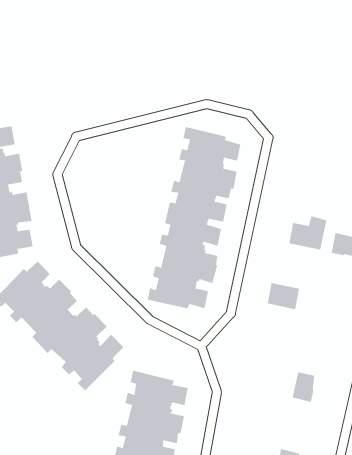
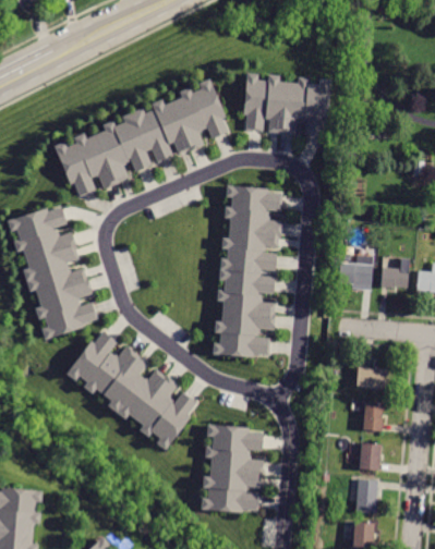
building: none -> [243,72,330,135]
building: none -> [55,78,229,196]
building: [267,282,300,310] -> [358,366,387,389]
building: none -> [360,442,382,469]

